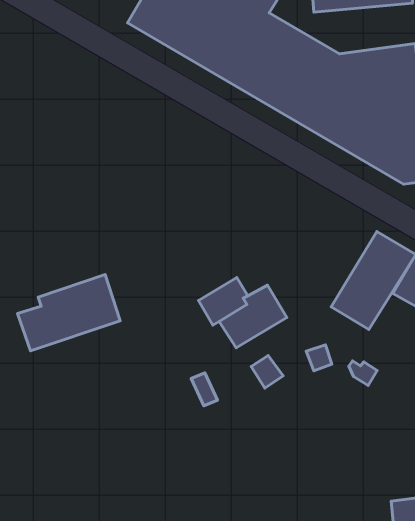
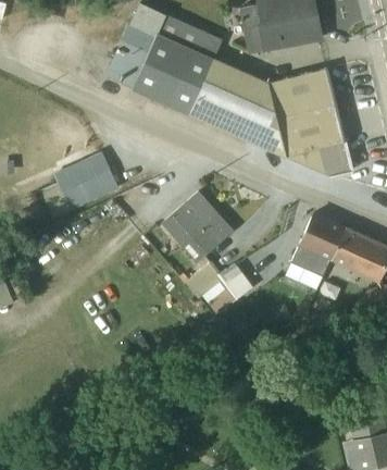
building: none -> [162,193,233,262]
building: [18,275,120,351] -> [40,153,118,218]

